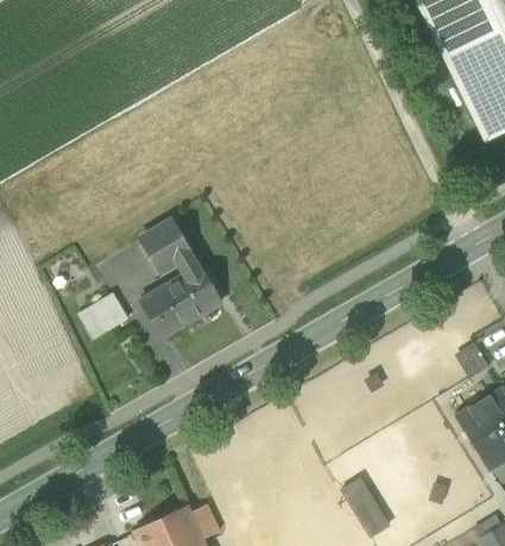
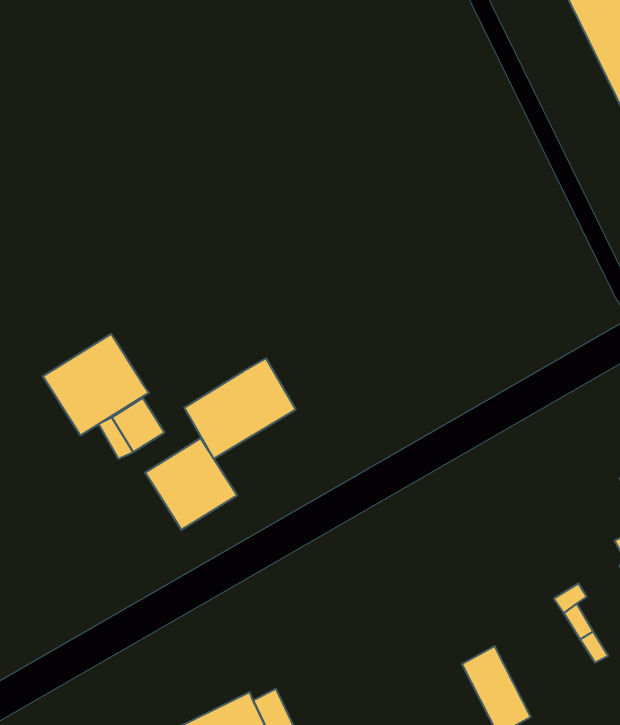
building: [143,224,197,274] -> none
building: none -> [43,334,149,435]
building: none -> [145,438,237,530]

